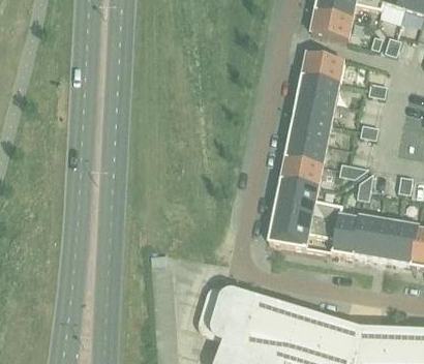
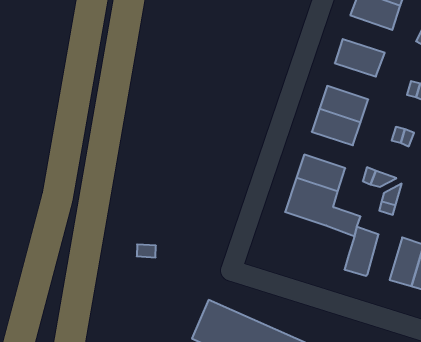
building: [298,73,339,101] -> none
building: [285,135,327,163] -> none
building: [269,208,338,246] -> none
building: [354,214,380,255] -> none

